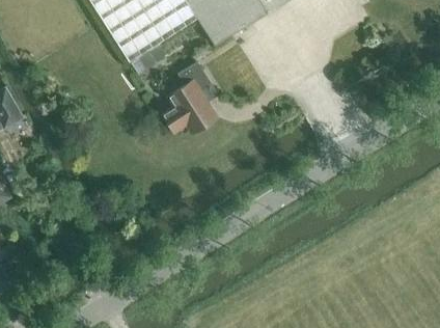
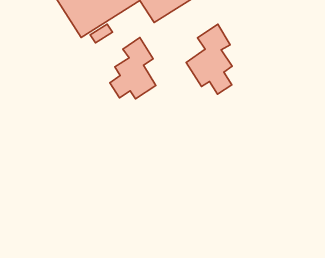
building: none -> [186,24,232,94]

